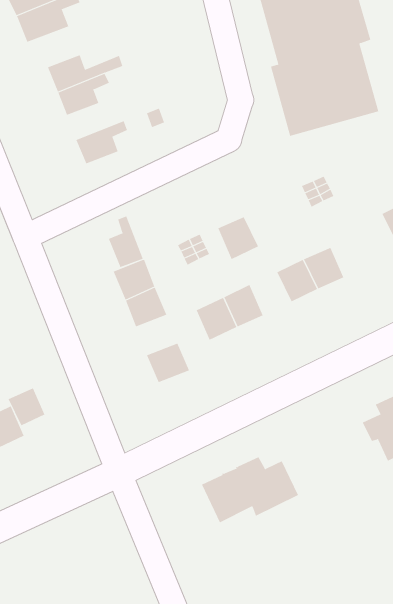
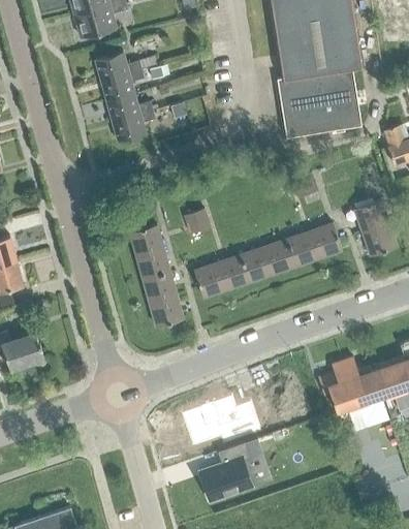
building: none -> [106,93,153,121]
building: [108,215,144,268] -> none
building: [217,216,259,260] -> [241,247,273,281]
building: none -> [310,223,342,257]
building: none -> [144,272,177,303]
building: [8,388,45,426] -> none
building: none -> [199,441,252,500]

